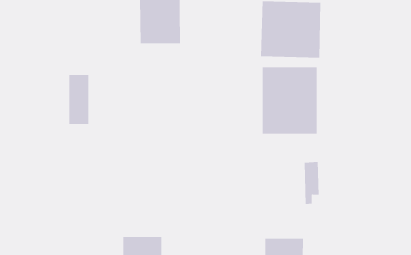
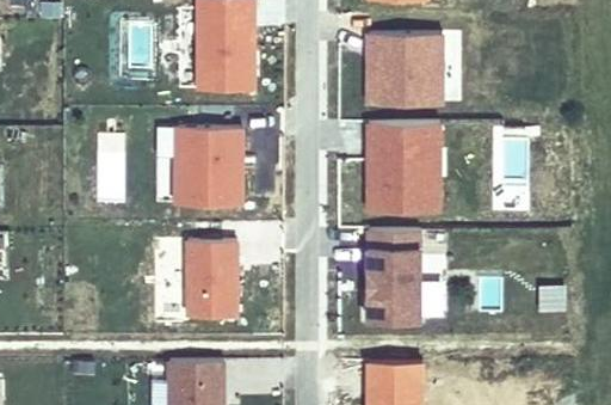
building: none -> [177,127,243,204]
building: none -> [363,222,416,313]
building: none -> [186,241,235,318]

